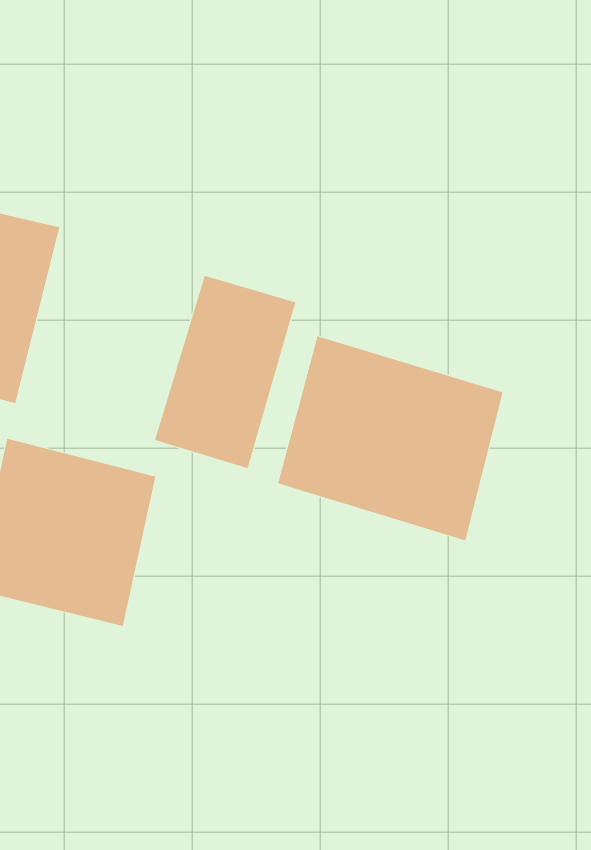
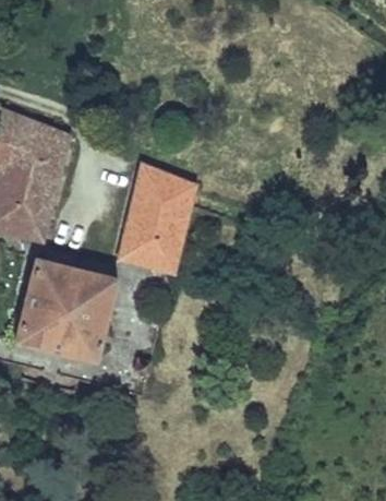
building: [277,336,503,541] -> none

